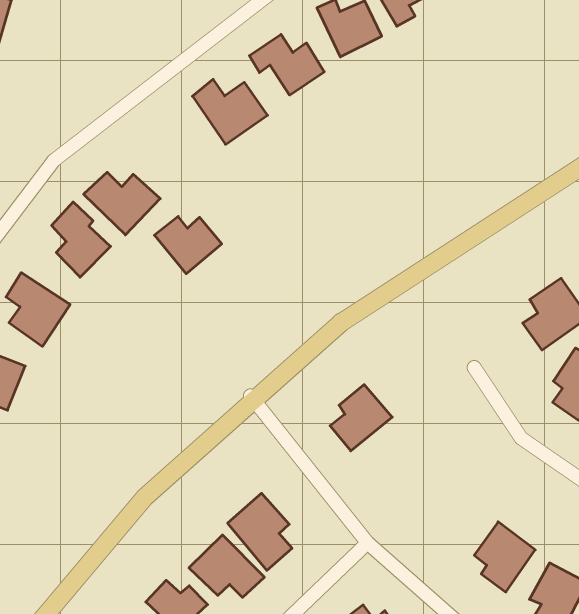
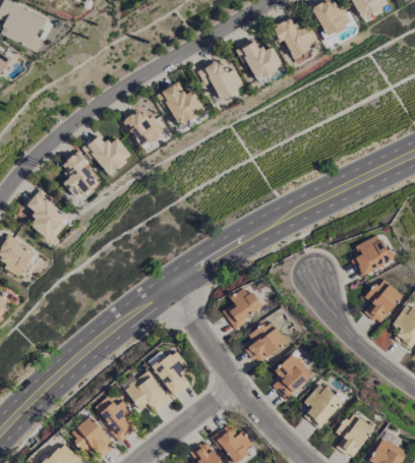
building: [154,216,222,274] -> [122,111,164,148]
building: none -> [246,321,288,364]
building: none -> [273,353,313,400]

